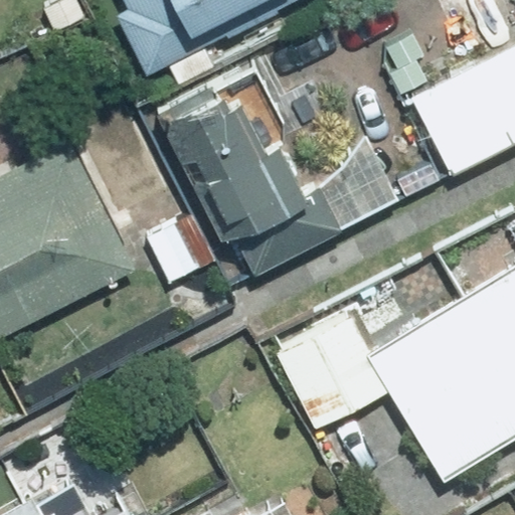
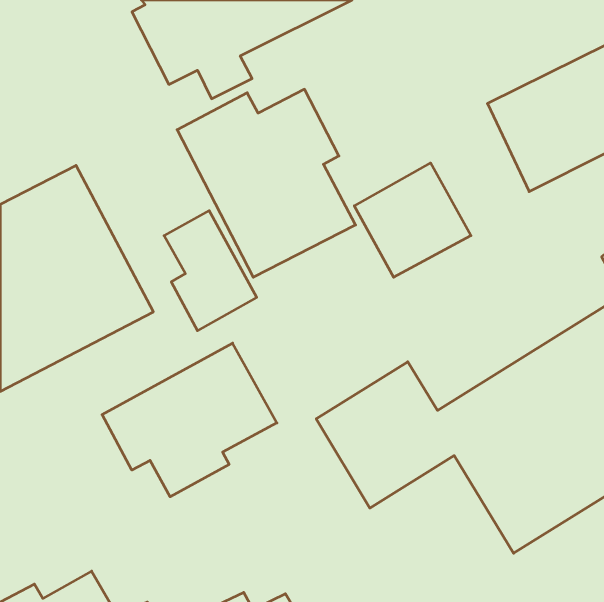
building: none -> [102,343,277,497]

